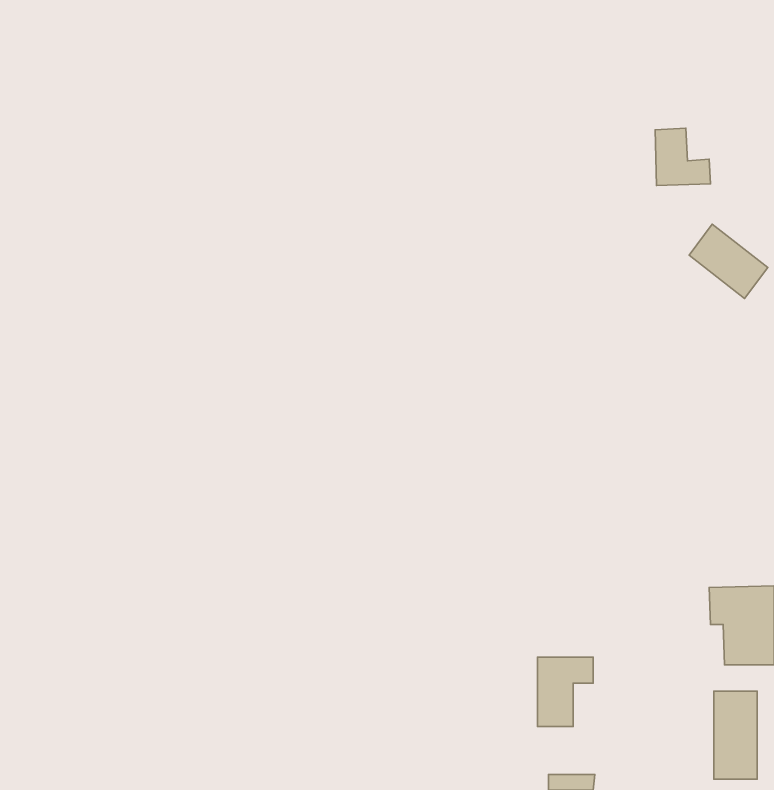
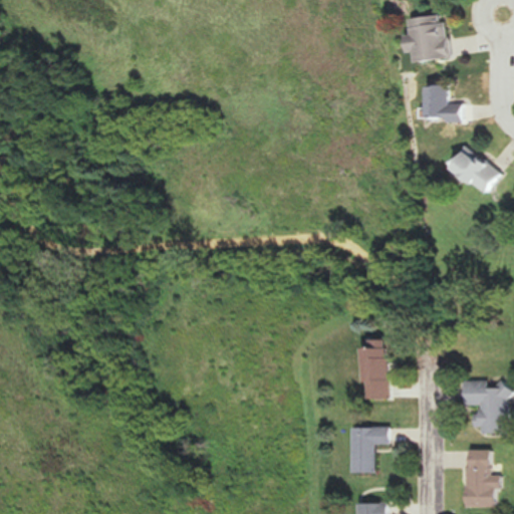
building: none -> [402,13,448,62]
building: none -> [363,339,387,399]

